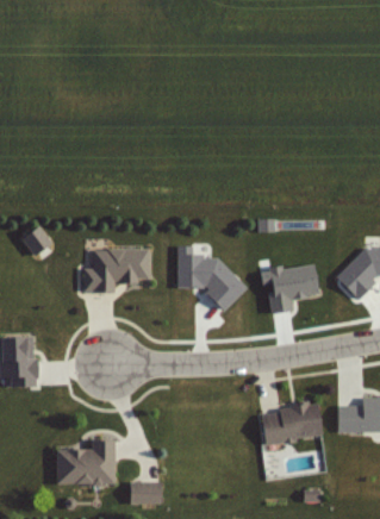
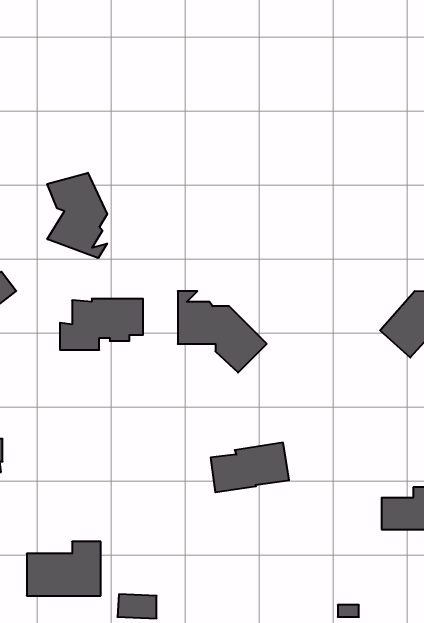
building: none -> [47,173,107,258]
building: [260,265,318,312] -> none
building: [261,405,323,444] -> [211,443,289,492]

